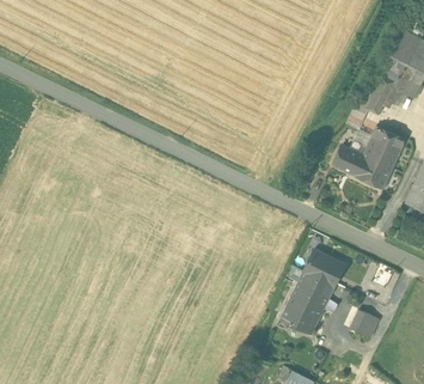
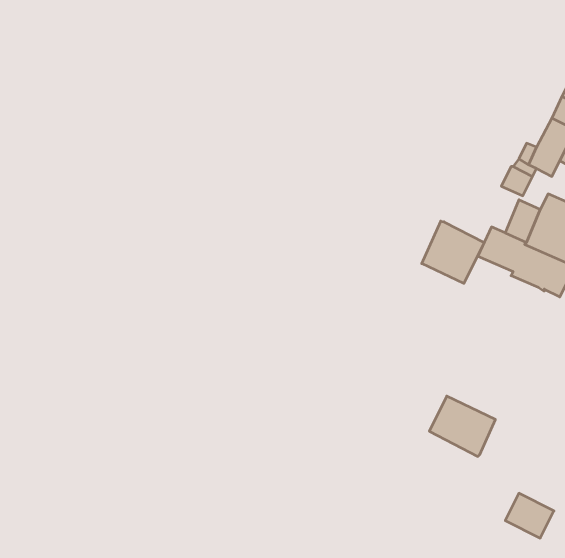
building: none -> [422,221,484,283]
building: [279,273,334,335] -> none

